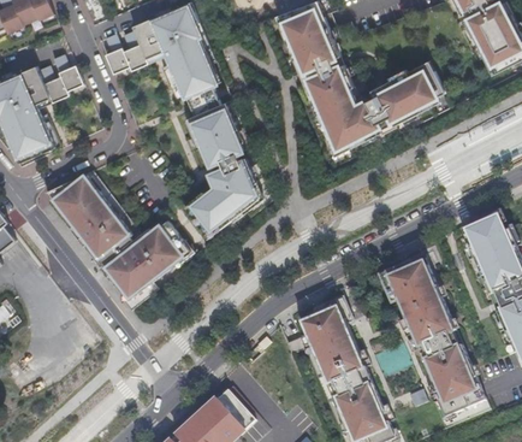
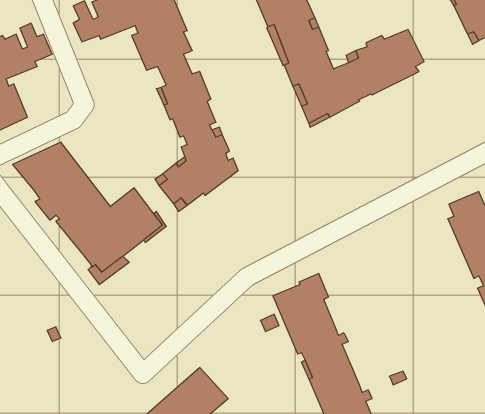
building: [379,259,486,418] -> none

